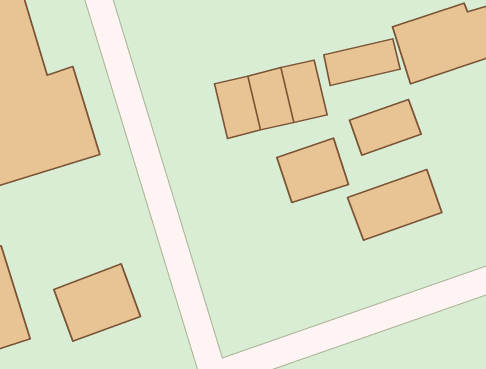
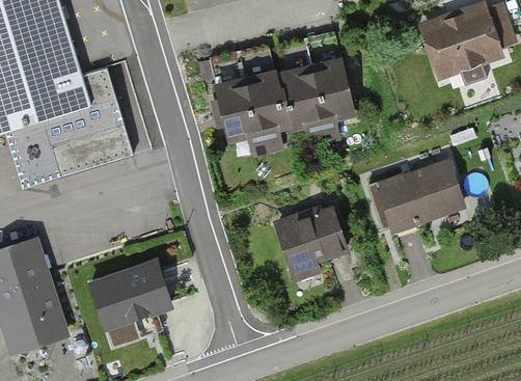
building: [324,39,400,86] -> none
building: none -> [212,82,256,142]
building: [349,99,421,155] -> none
building: [277,138,349,203] -> [276,207,346,269]

